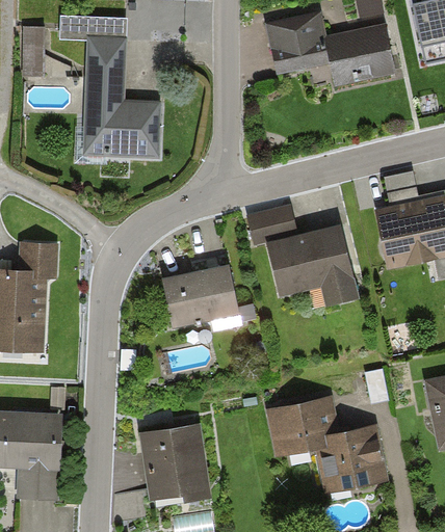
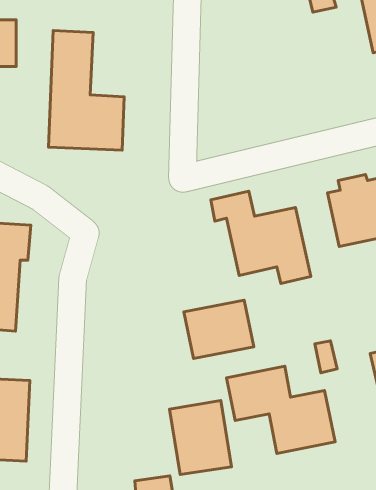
building: [58,12,127,38] -> none
building: [267,15,392,90] -> none
building: [163,265,238,327] -> [184,300,254,359]
building: [140,422,207,501] -> [169,401,232,474]

